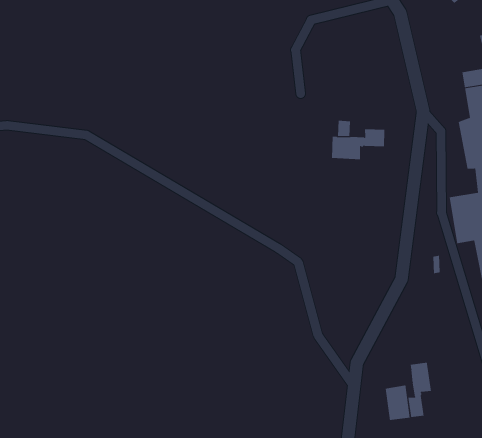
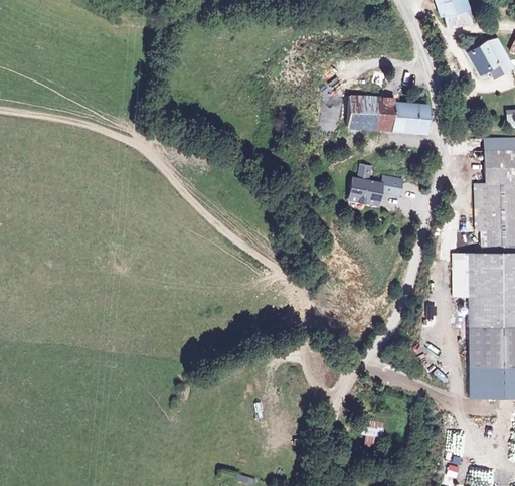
building: none -> [350,96,433,134]
building: [408,362,431,418] -> none

